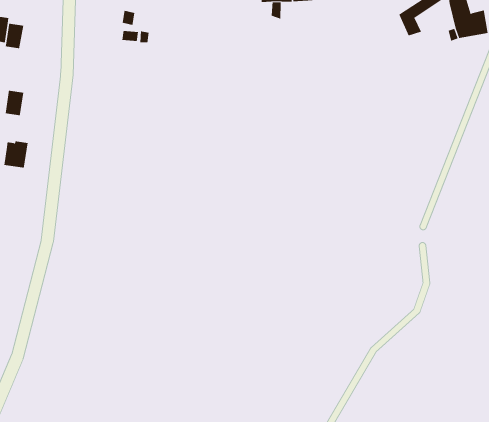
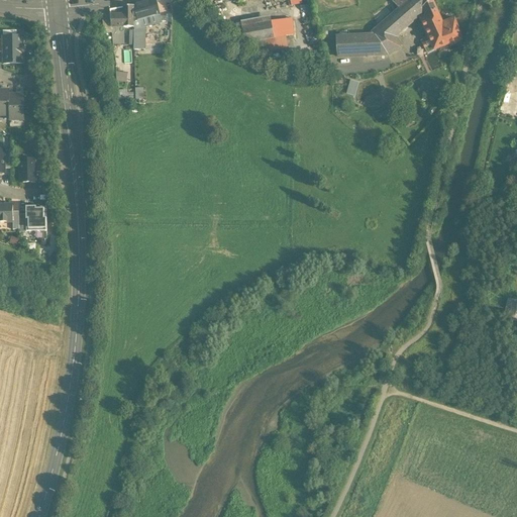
building: none -> [335,33,387,55]

